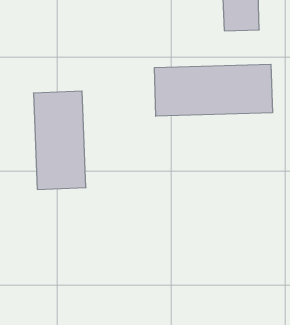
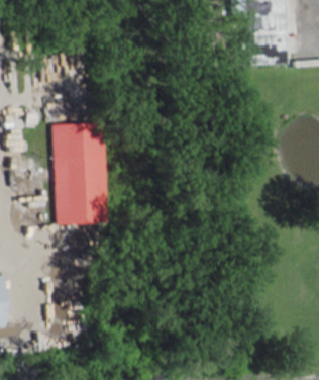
building: [154,64,272,116] -> none

